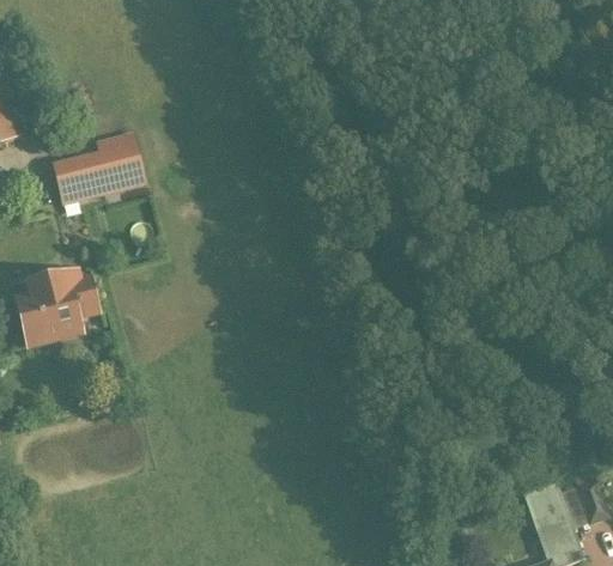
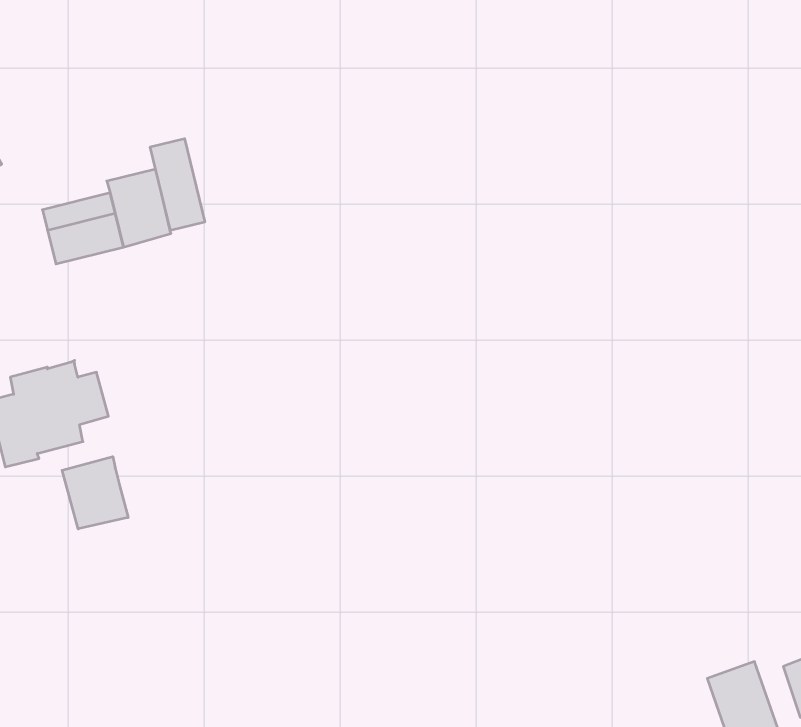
building: none -> [150,139,205,230]
building: none -> [62,457,128,529]

